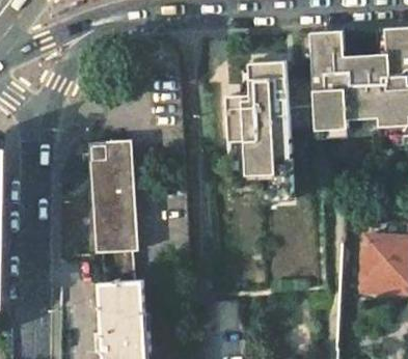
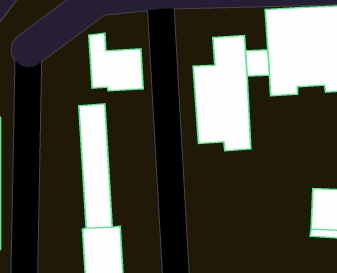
building: none -> [89,33,143,91]

